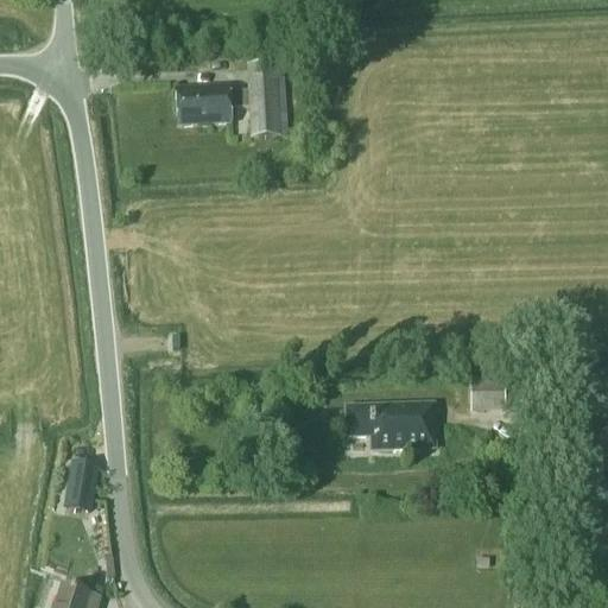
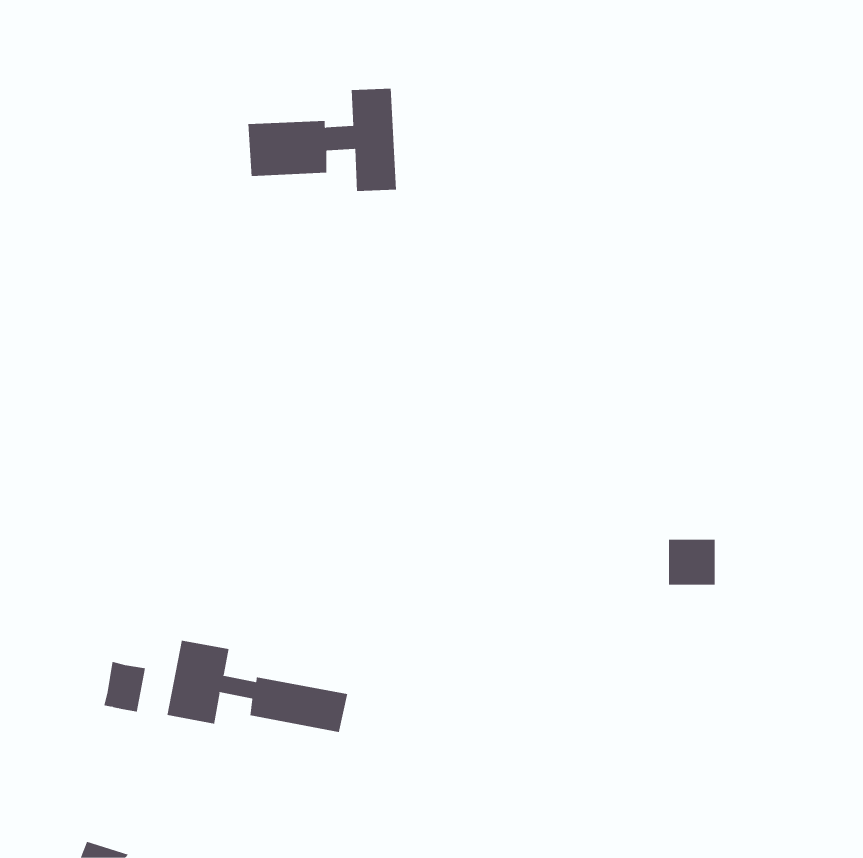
building: [347,403,435,448] -> none
building: none -> [167,640,348,733]

